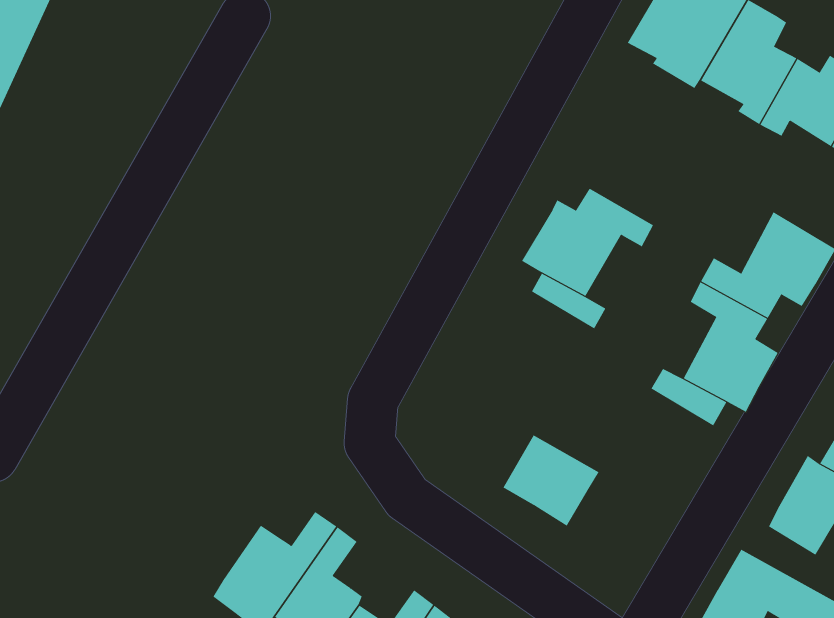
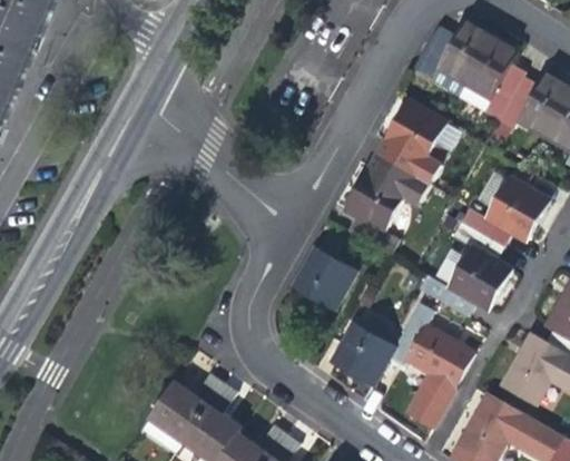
building: none -> [375,100,448,185]
building: none -> [292,246,355,310]
building: none -> [387,316,474,425]

